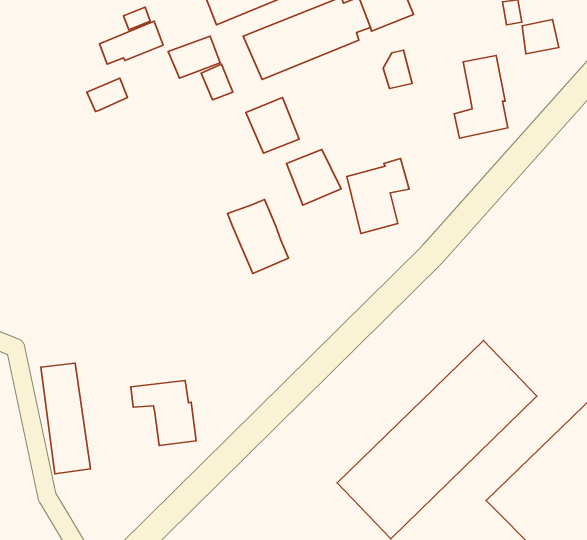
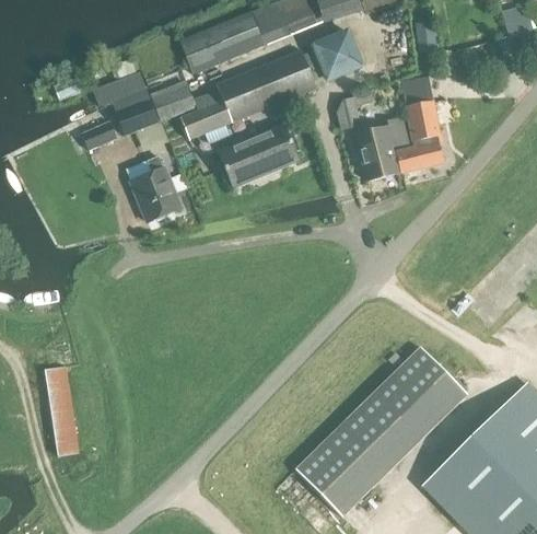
building: [522,20,559,54] -> [401,77,433,106]
building: none -> [194,90,231,132]
building: none -> [114,92,157,135]
building: [286,149,341,205] -> [249,125,296,173]
building: [347,159,409,234] -> [355,117,409,182]
building: [228,200,289,273] -> [127,156,179,220]
building: [131,380,196,446] -> none

